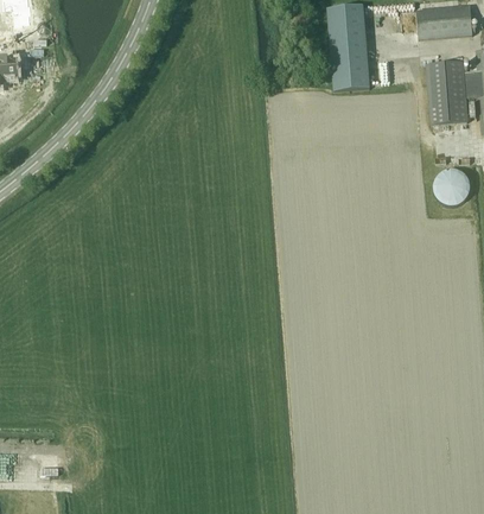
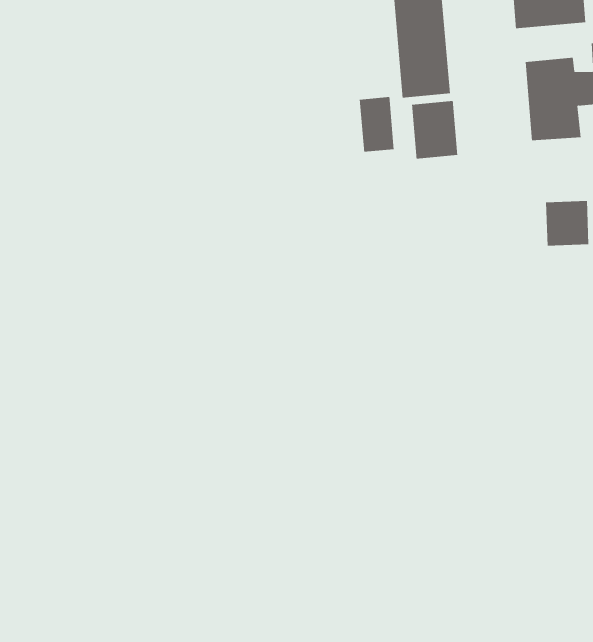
building: none -> [359,96,394,153]
building: none -> [411,100,458,159]

